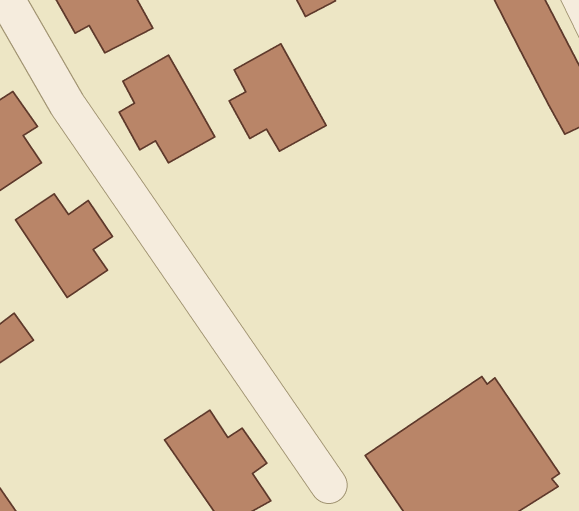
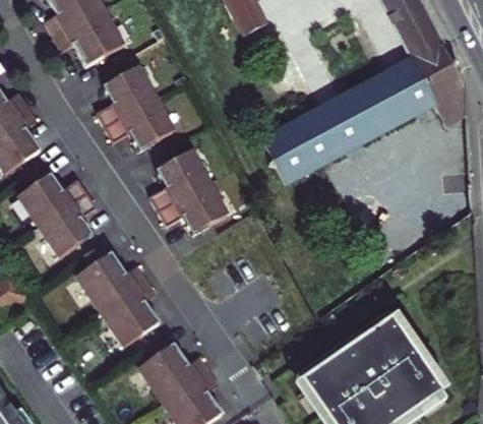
building: [229,44,326,151] -> [152,147,228,232]
building: none -> [265,61,436,183]
building: none -> [73,251,156,346]

